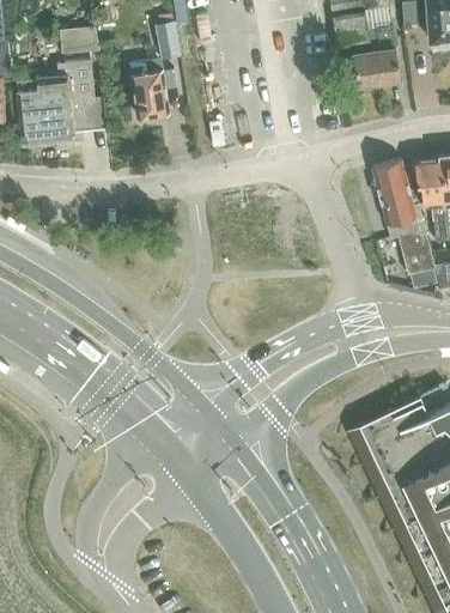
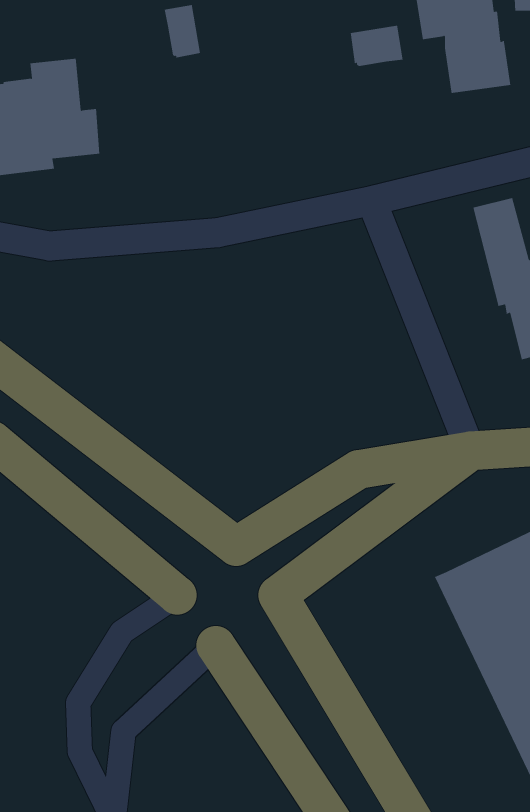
building: [60,26,99,53] -> none
building: none -> [350,25,403,67]
building: [130,61,175,120] -> none

